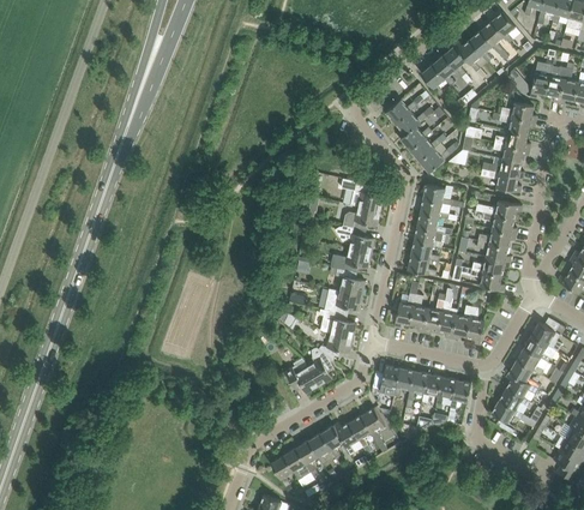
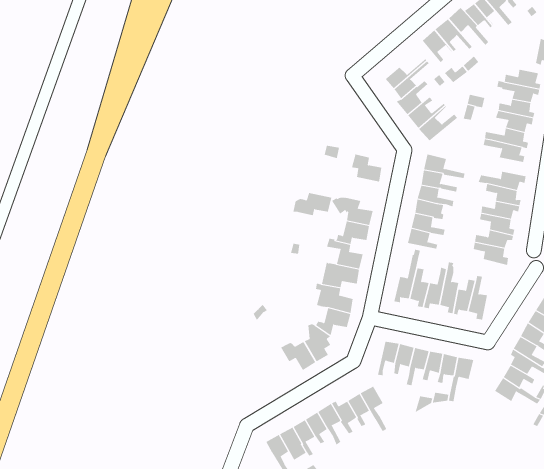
building: [342,206,380,229] -> [292,192,332,216]

